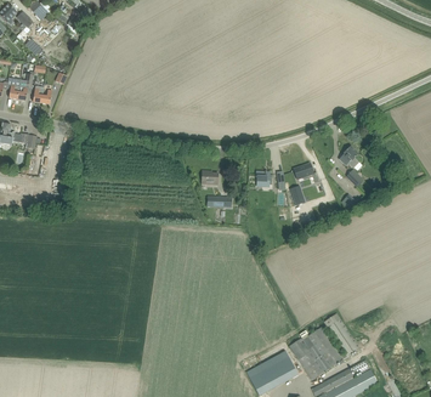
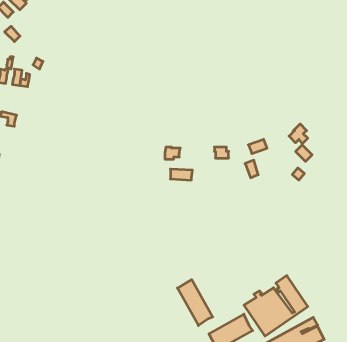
building: none -> [177,280,213,326]

